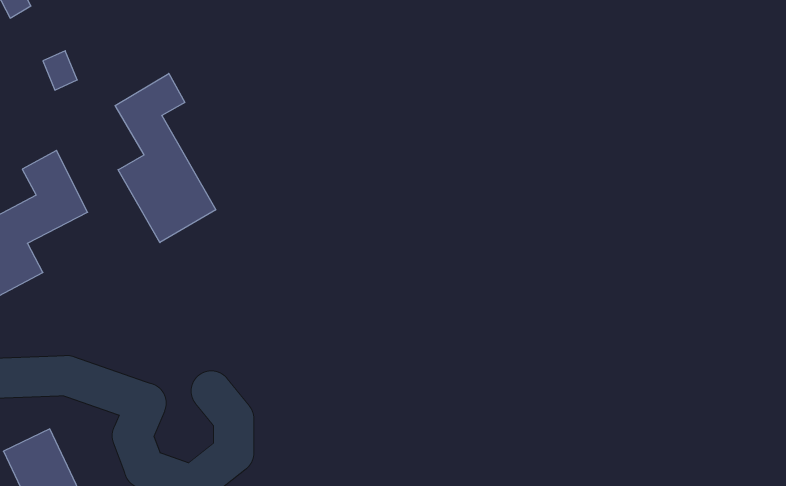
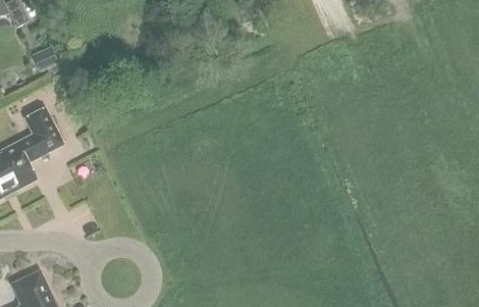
building: [115,73,216,243] -> none

